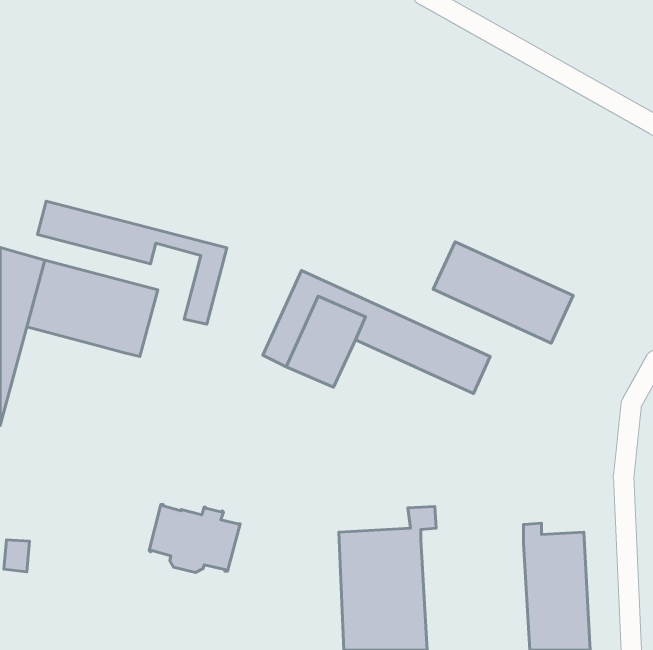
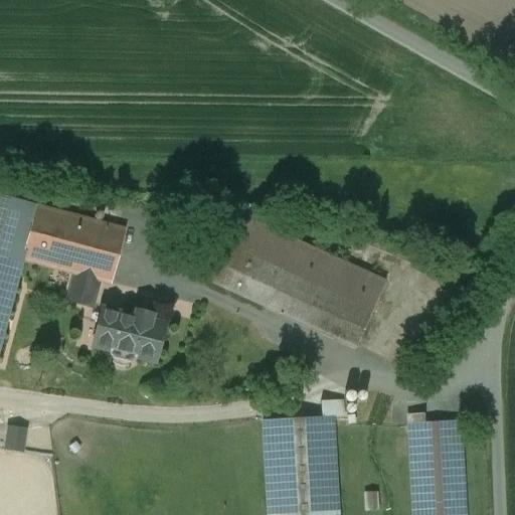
building: [37,201,227,324] -> none
building: [433,242,573,343] -> [264,267,373,346]
building: none -> [69,271,99,304]
building: [149,504,240,572] -> [94,307,165,360]

